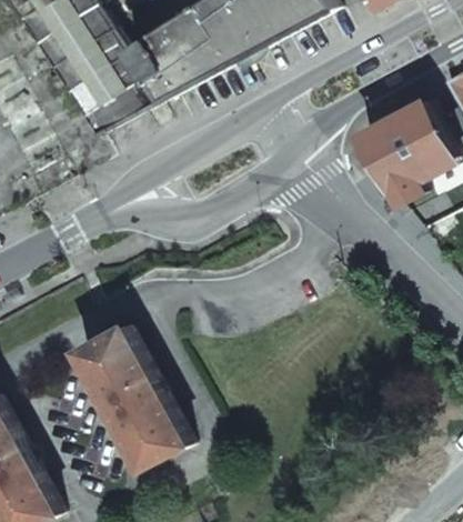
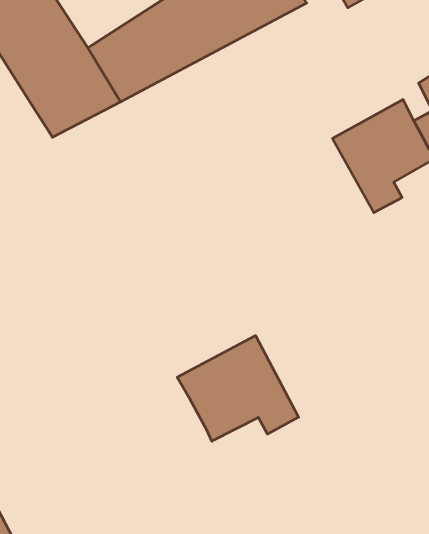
building: none -> [177,336,299,441]
building: [77,323,185,466] -> none

